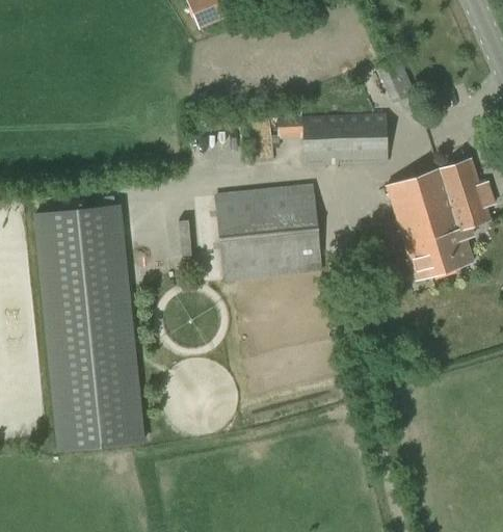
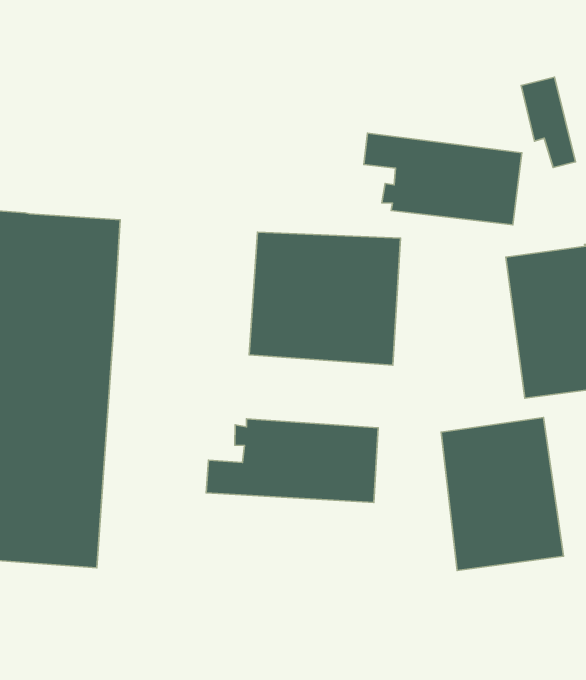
building: none -> [441,418,563,570]
building: none -> [206,419,378,503]

